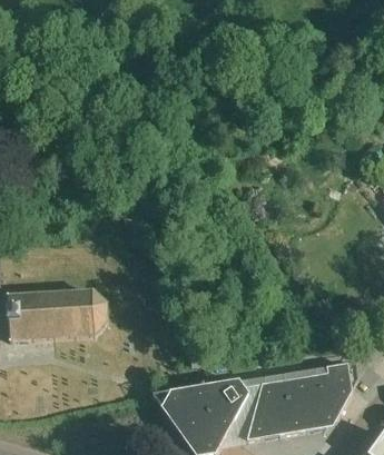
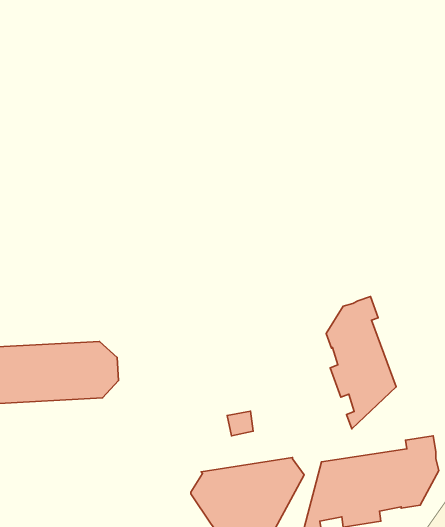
building: none -> [326,296,396,429]

